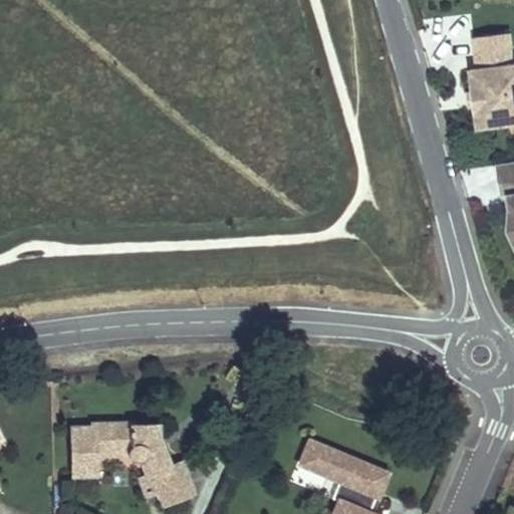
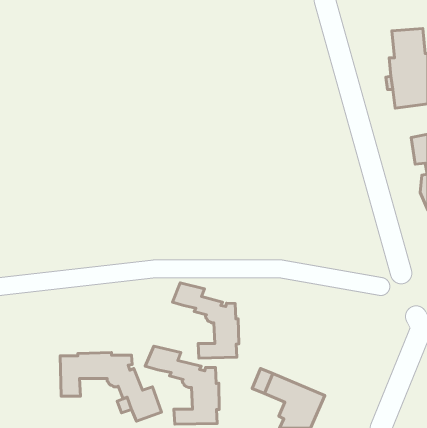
building: none -> [172,283,239,358]
building: none -> [145,346,219,424]

